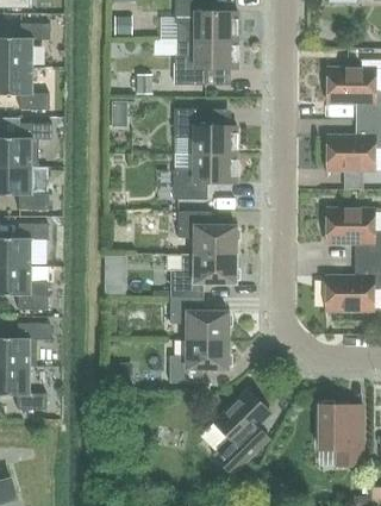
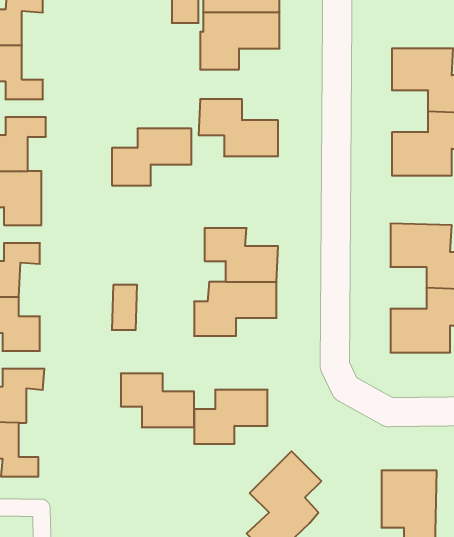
building: [173,155,236,200] -> [112,129,191,185]
building: [169,298,227,341] -> [121,373,194,427]

